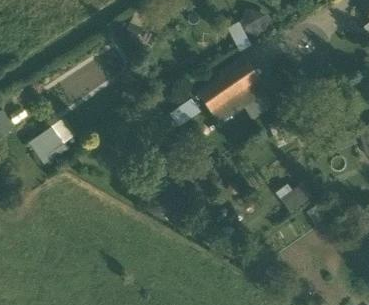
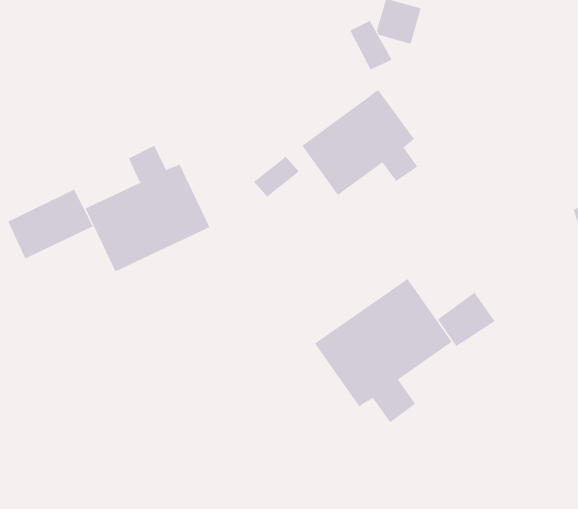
building: none -> [85,145,210,272]
building: none -> [314,278,453,423]

